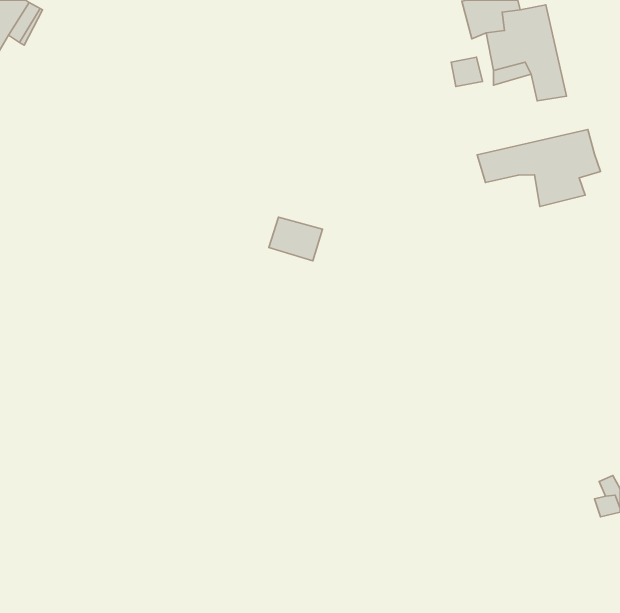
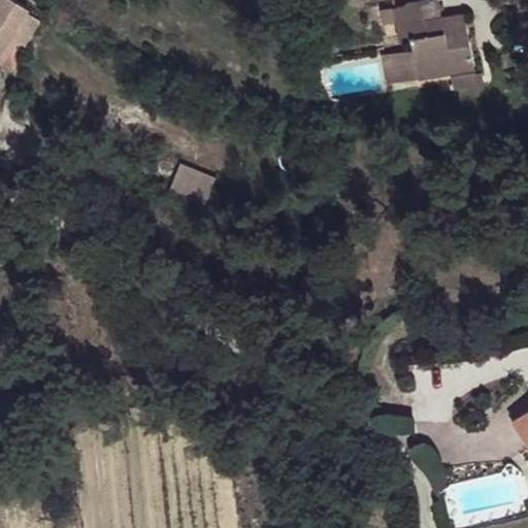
building: [477,130,601,207] -> none
building: [269,217,322,261] -> [169,170,214,207]

